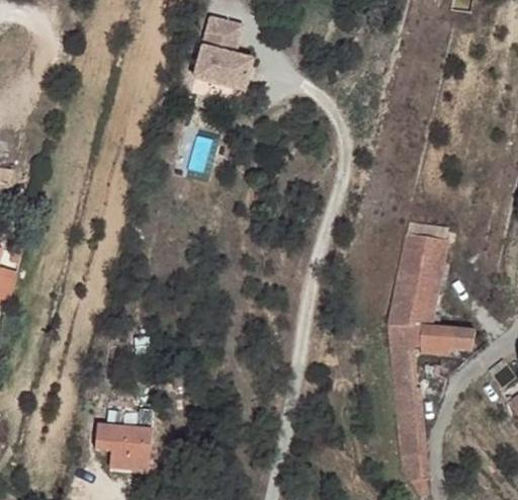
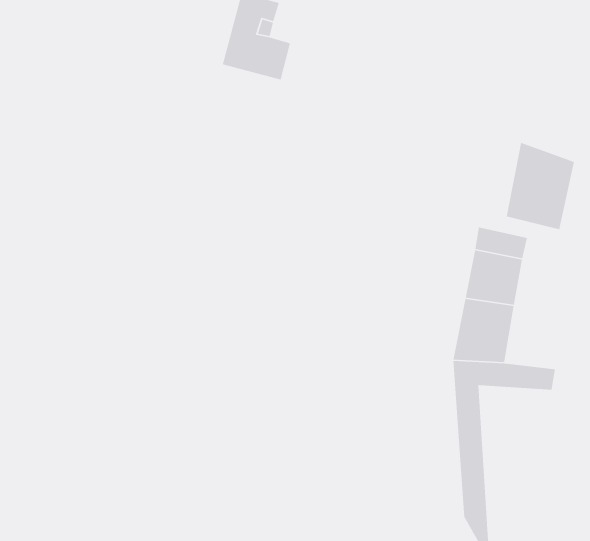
building: none -> [506,142,575,230]
building: [92,424,149,468] -> none

